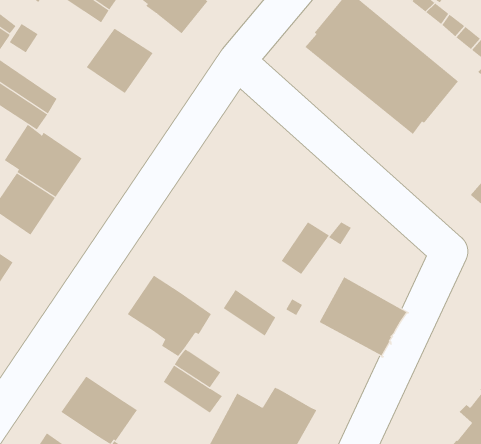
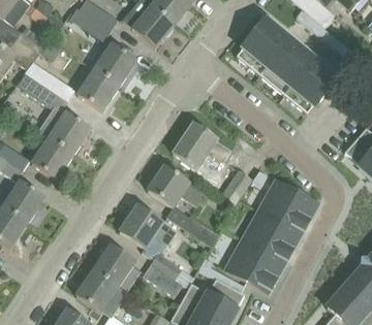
building: none -> [76,68,118,109]
building: none -> [173,123,230,168]
building: none -> [147,165,203,205]
building: none -> [261,180,317,229]
building: none -> [197,235,287,292]
building: none -> [92,243,134,287]

